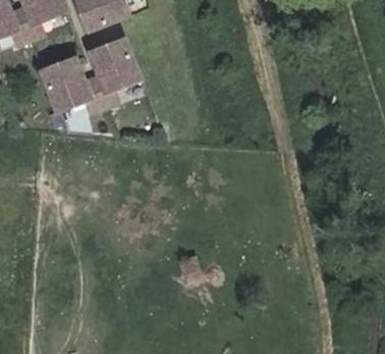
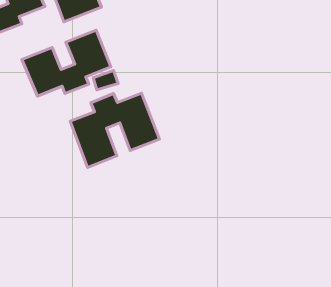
building: none -> [70,93,160,168]

